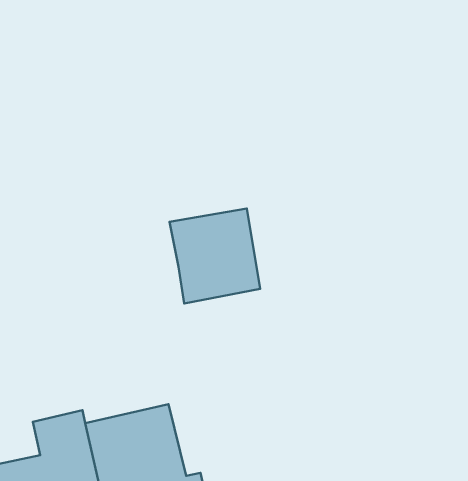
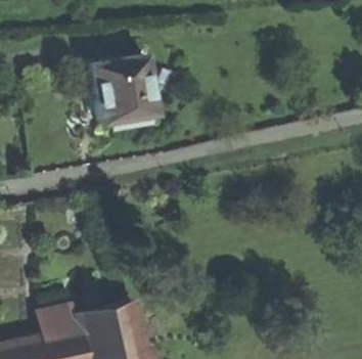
building: [170,209,260,303] -> [90,55,153,122]

